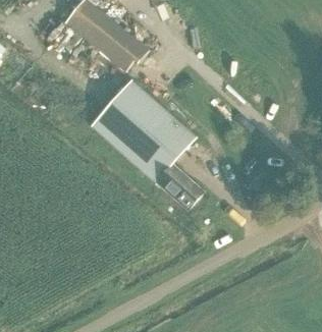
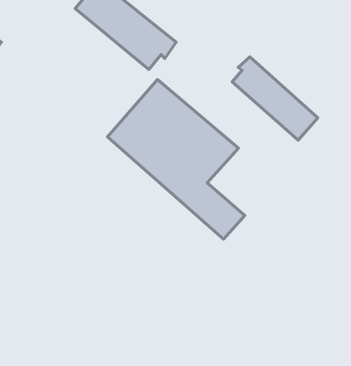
building: none -> [232,57,318,140]

